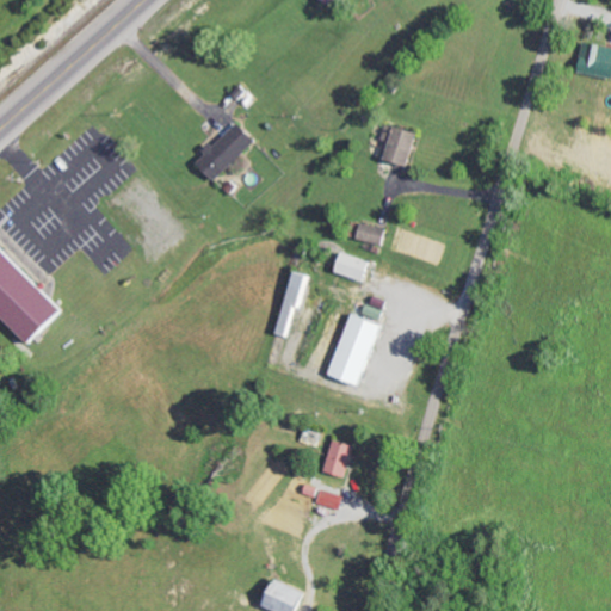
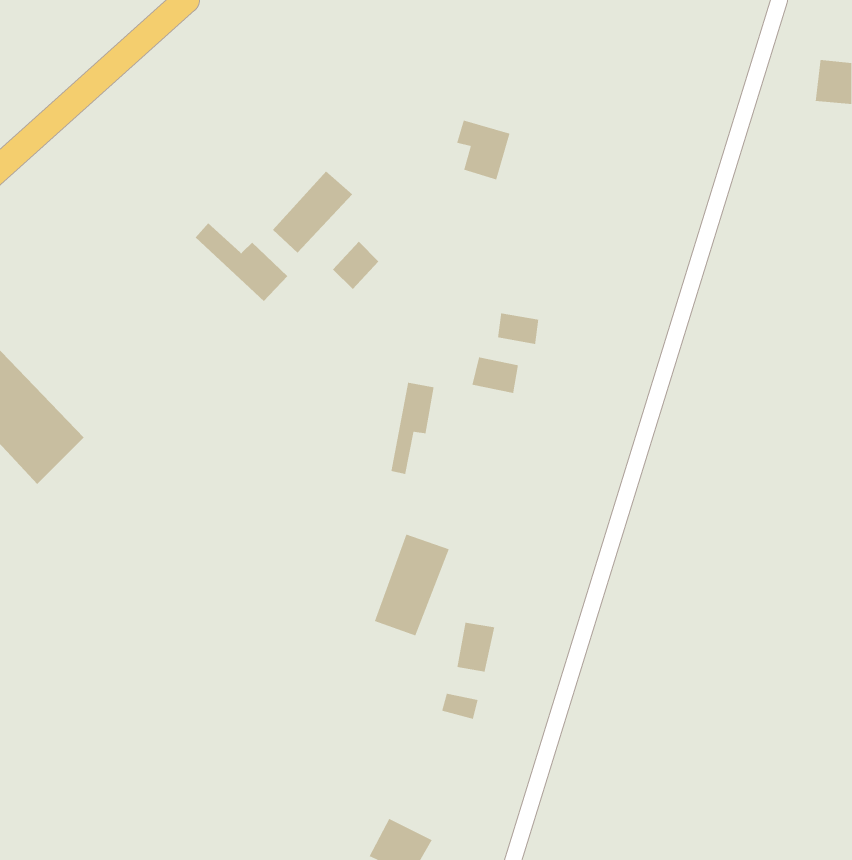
building: [377,124,415,167] -> [456,120,510,180]
building: none -> [195,223,288,302]
building: none -> [332,241,379,290]
building: [326,314,379,387] -> [374,534,450,637]

